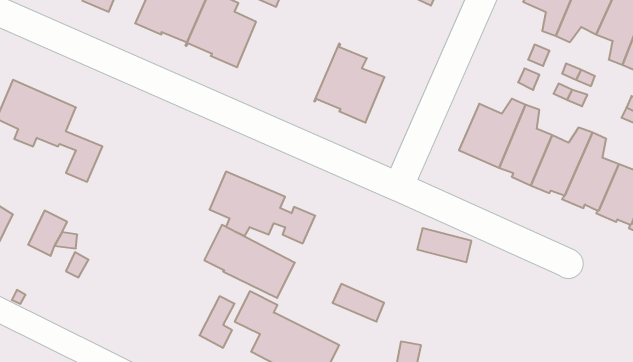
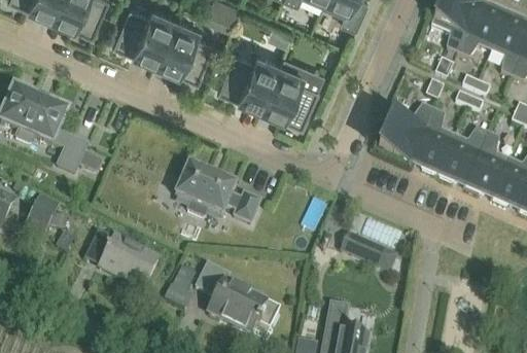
building: none -> [219,52,281,108]
building: [204,225,295,298] -> [84,231,159,290]
building: [332,284,384,322] -> [342,236,384,267]

